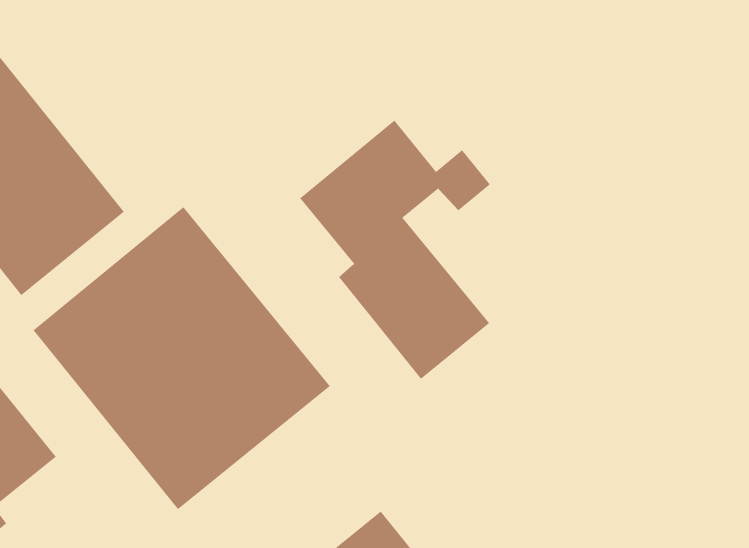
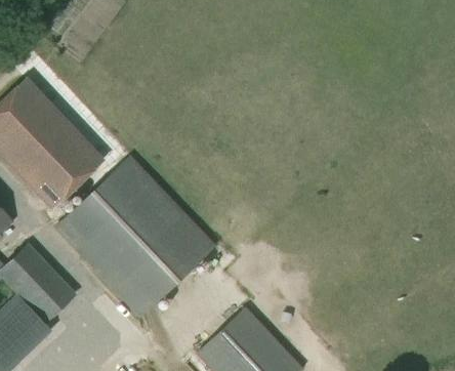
building: [299,120,491,380] -> none

